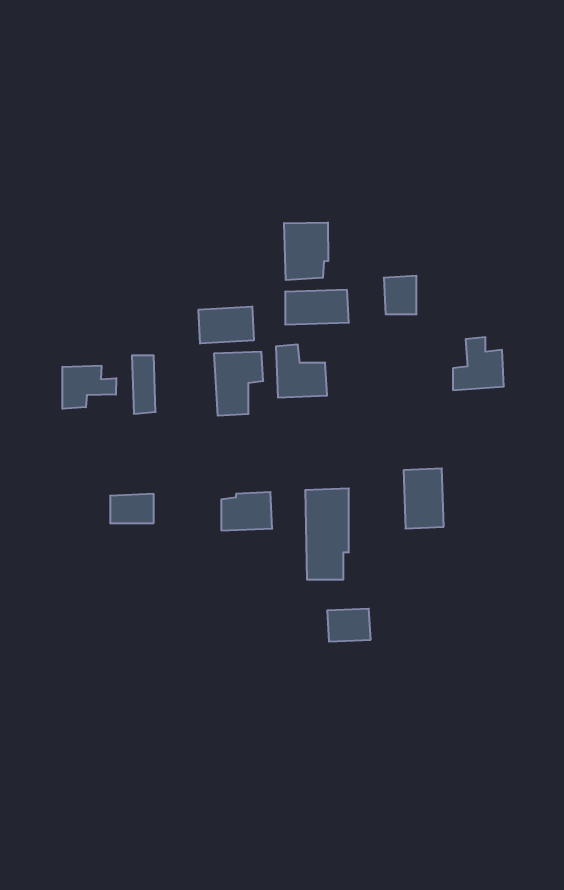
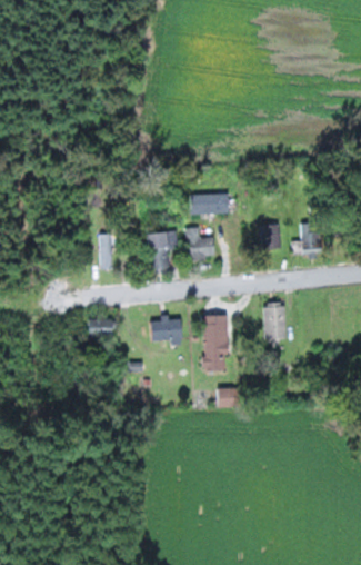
building: [284,222,328,280] -> none
building: [384,276,417,314] -> [260,225,280,248]
building: [199,306,254,344] -> none
building: [62,366,116,409] -> none

